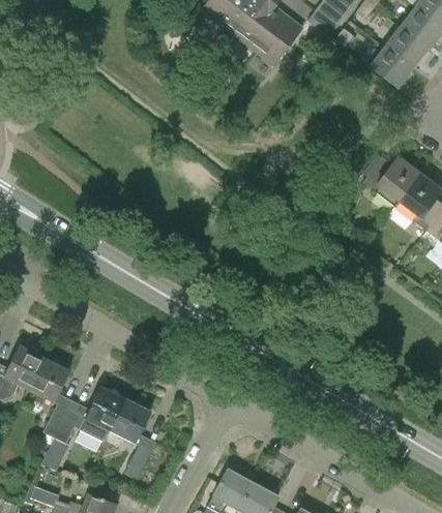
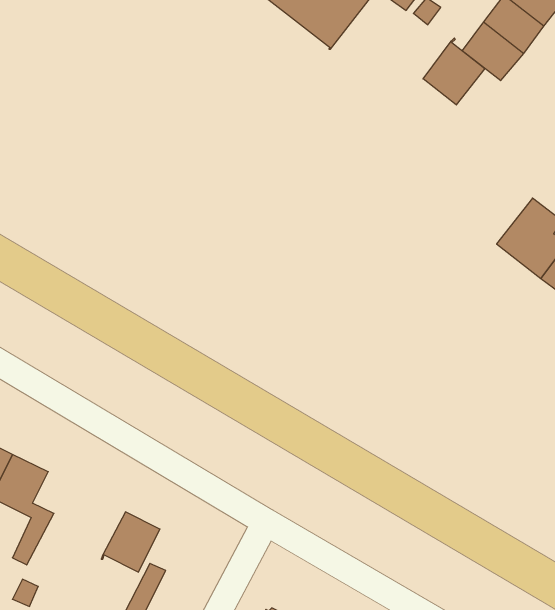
building: none -> [423,38,485,105]
building: [362,156,419,206] -> none
building: [54,387,125,444] -> none

